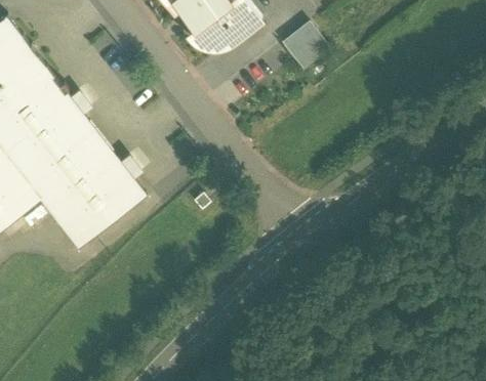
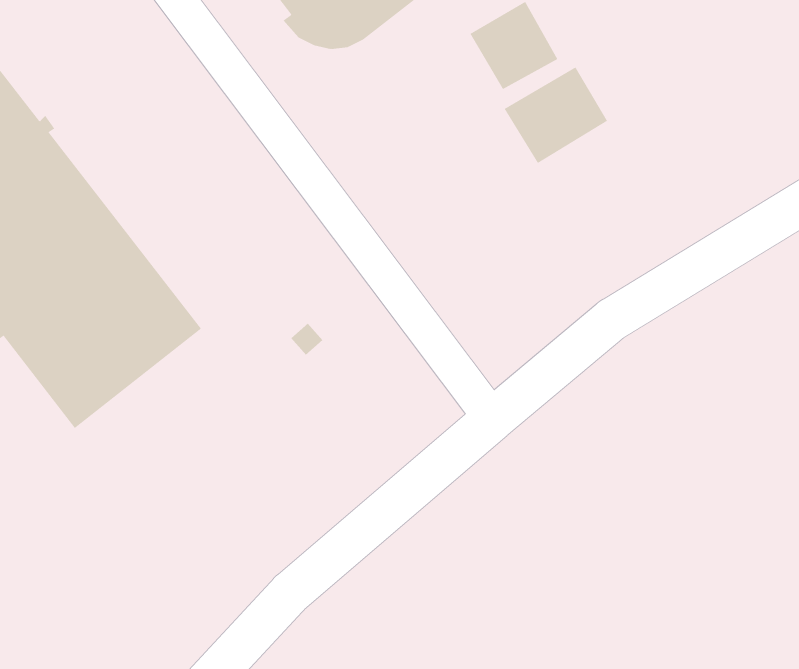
building: none -> [504,66,608,164]

